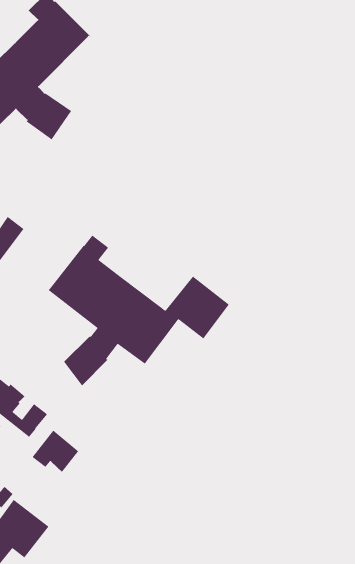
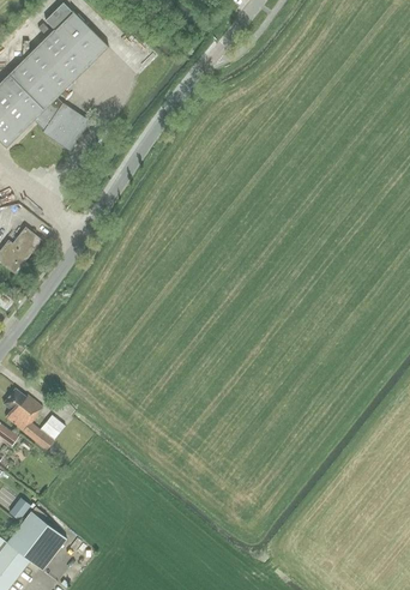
building: [47,234,230,386] -> none
building: [31,430,79,473] -> none

